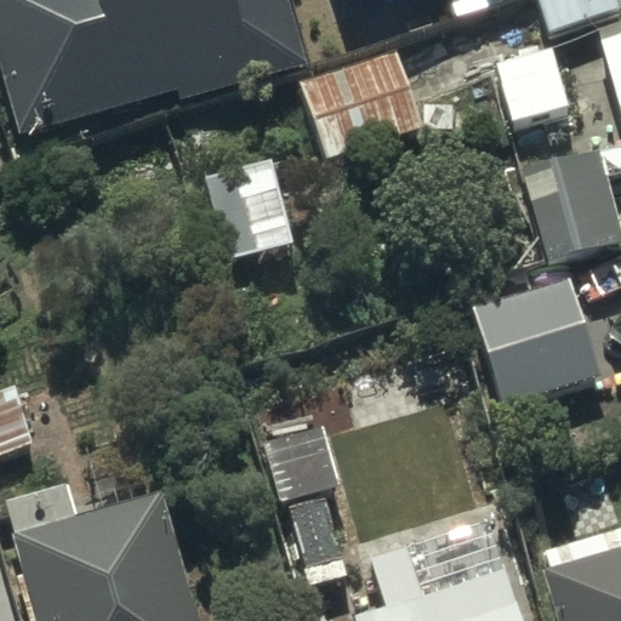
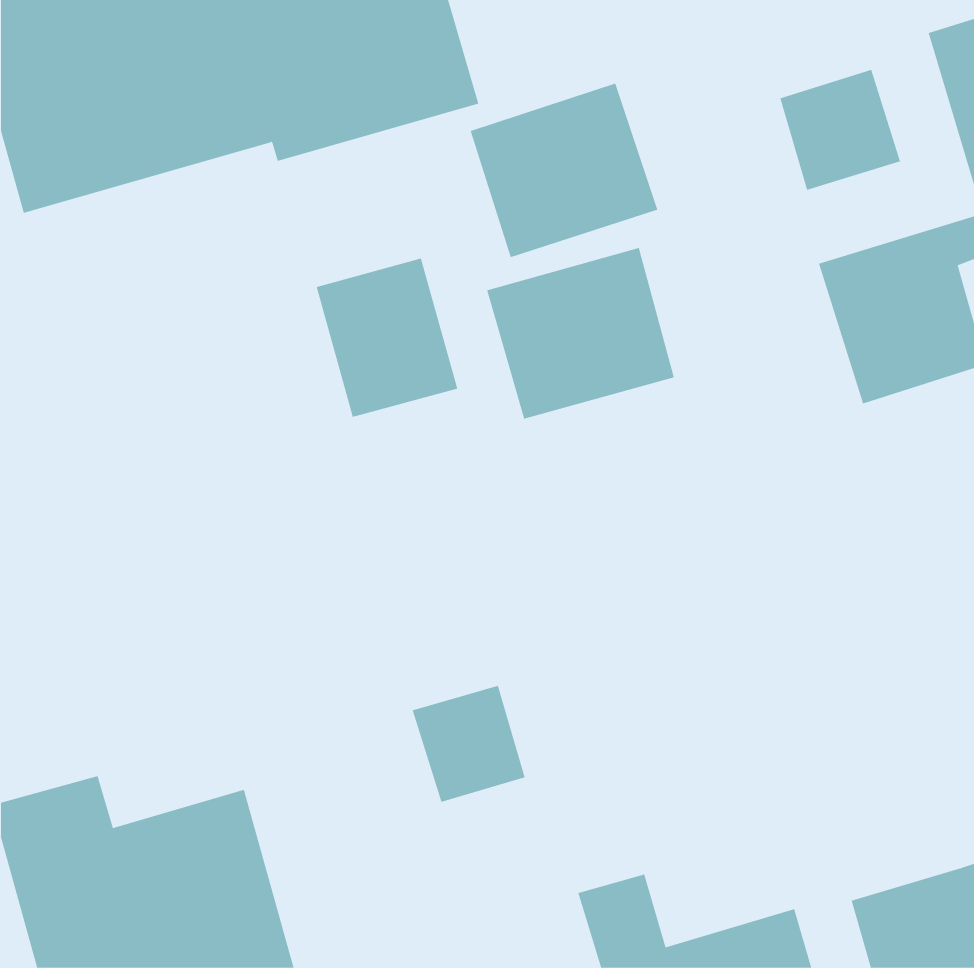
building: none -> [487,247,675,419]
building: [474,267,606,398] -> none

